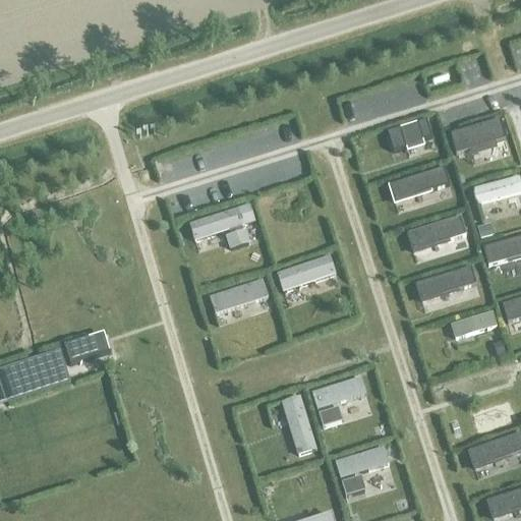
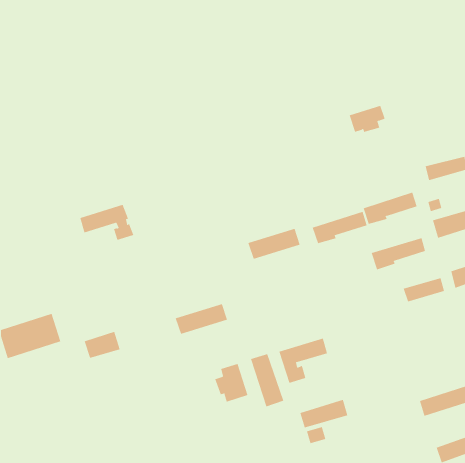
building: [451,116,507,152] -> none
building: [388,165,450,201] -> [312,211,368,244]
building: [190,208,251,248] -> [79,204,134,241]
building: [210,278,269,312] -> [175,303,228,334]
building: [65,333,106,363] -> [84,331,120,359]
building: none -> [214,363,248,402]

